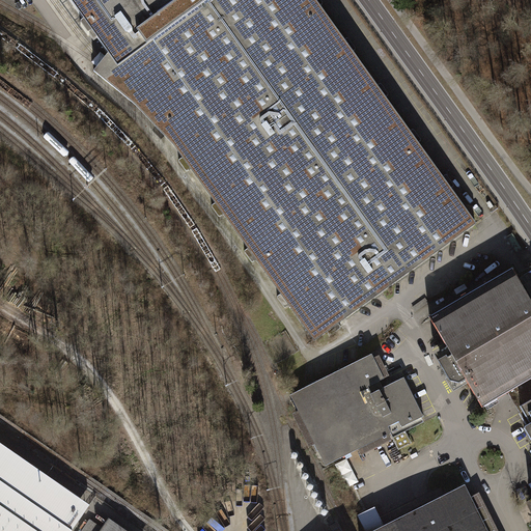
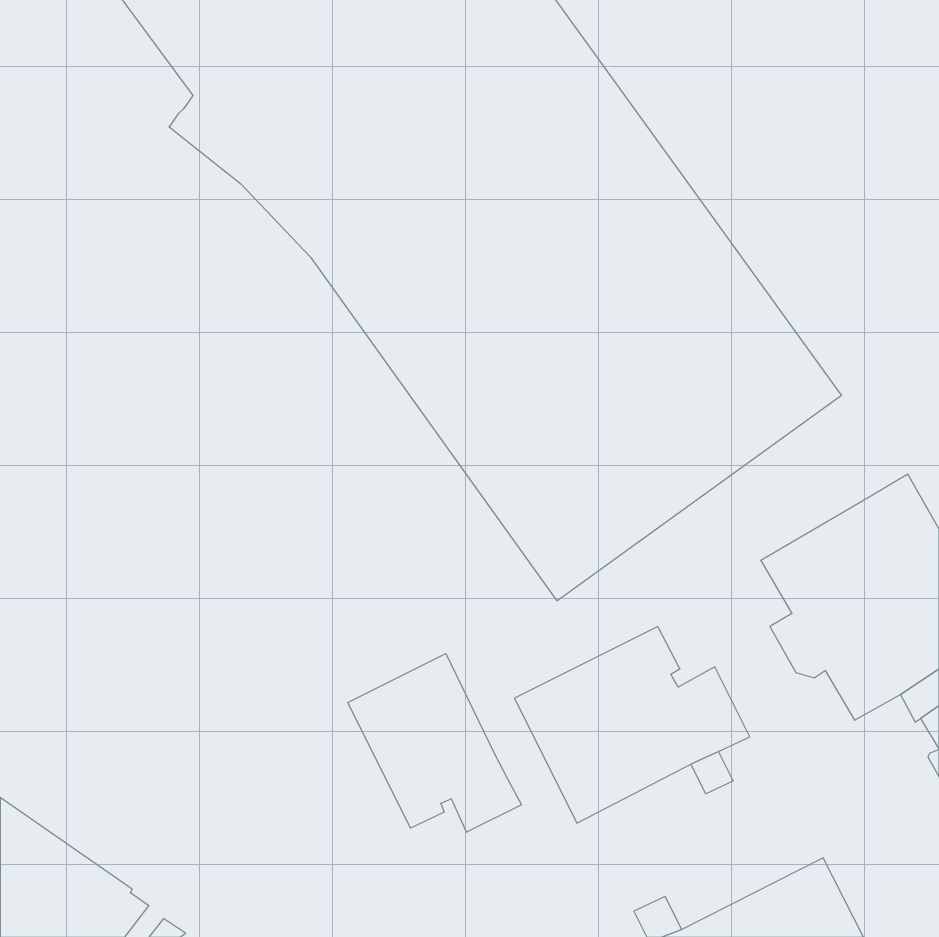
building: none -> [348,654,521,832]

